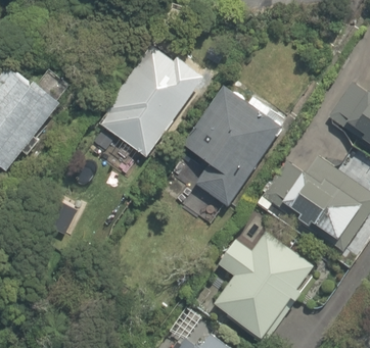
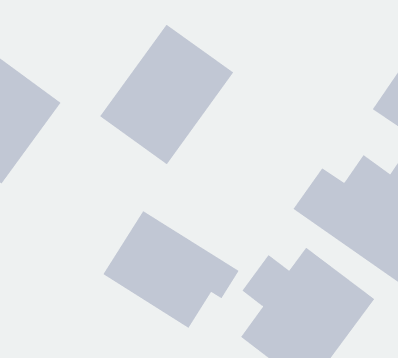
building: [177,82,279,205] -> none
building: none -> [102,210,240,329]

